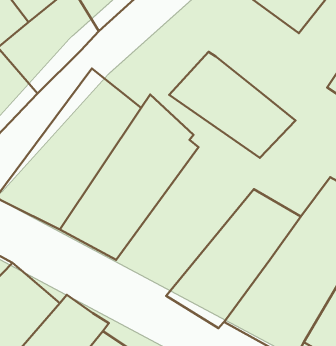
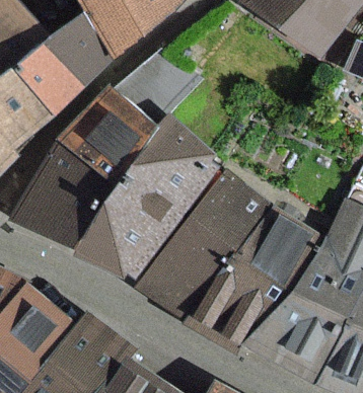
building: [169,52,296,158] -> none
building: none -> [135,171,272,318]

